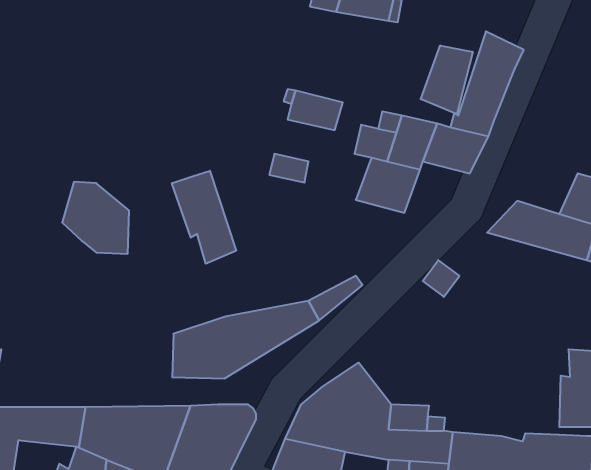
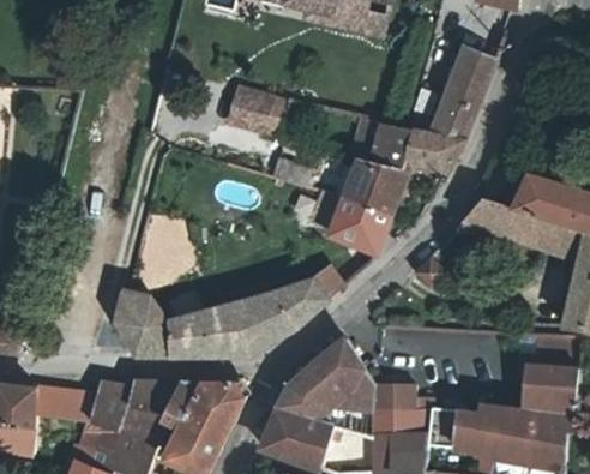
building: [421,45,473,114] -> none
building: none -> [227,83,271,130]
building: [172,171,236,264] -> none
building: [62,182,129,254] -> [115,292,176,358]
building: none -> [330,196,387,250]

